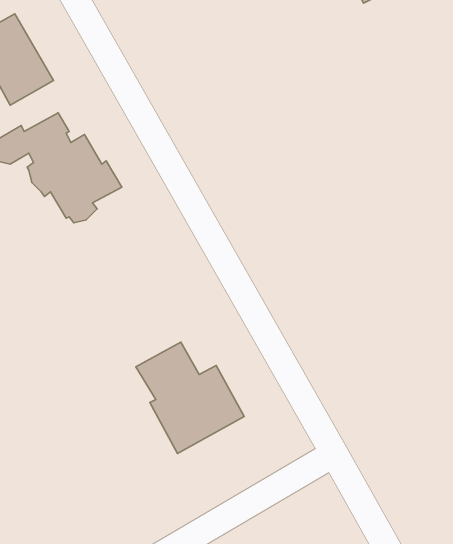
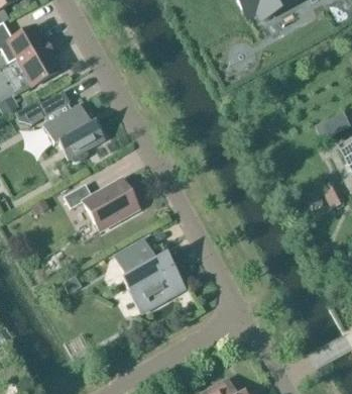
building: none -> [64,178,139,230]

